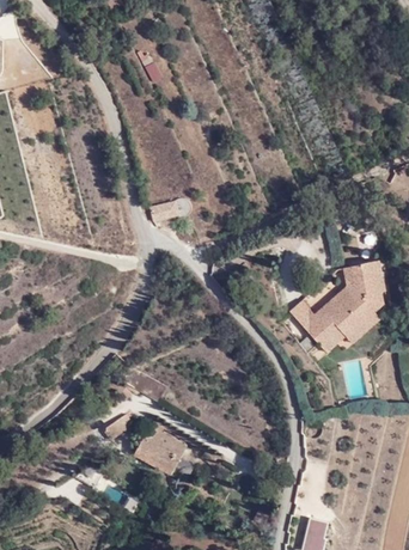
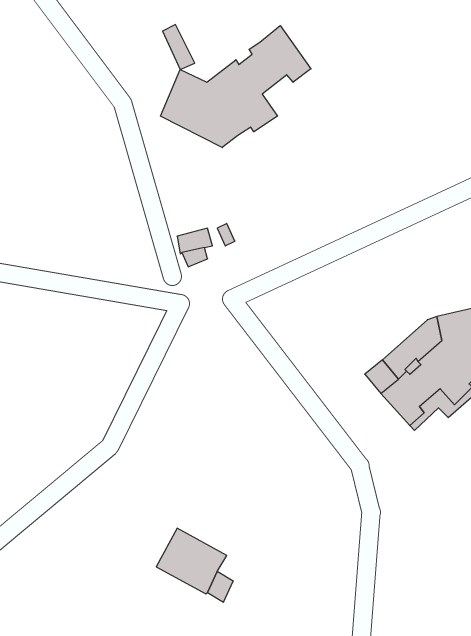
building: none -> [161,26,311,148]

